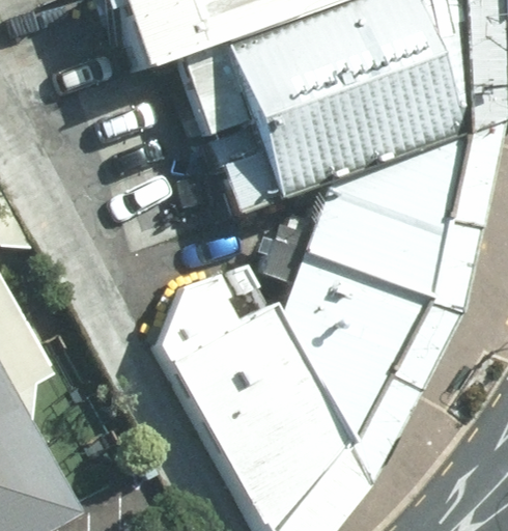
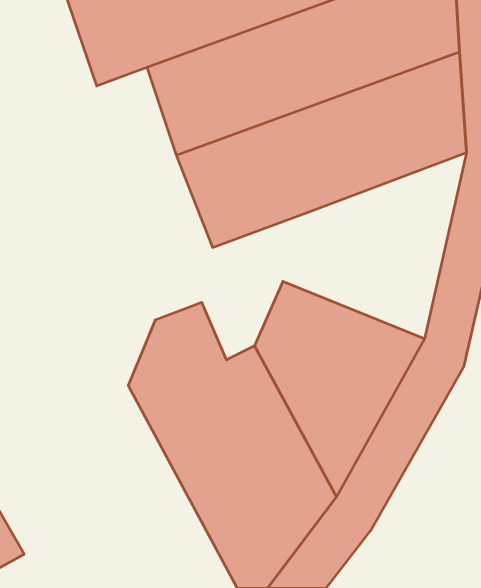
building: [299,137,461,302] -> none

